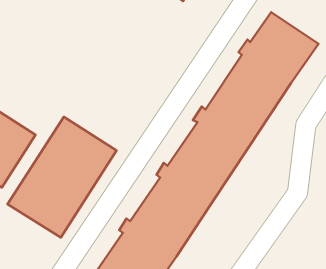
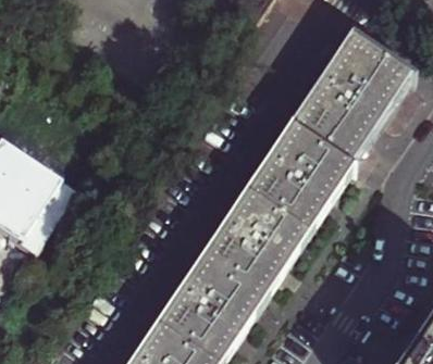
building: [7,117,116,237] -> none

